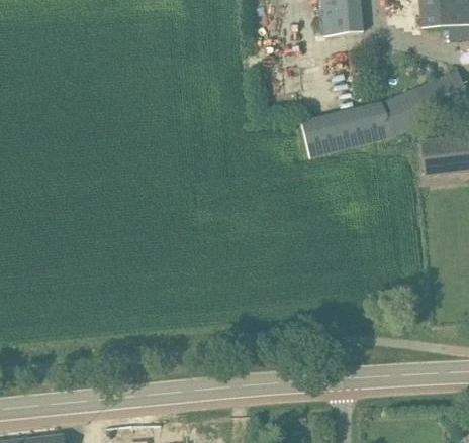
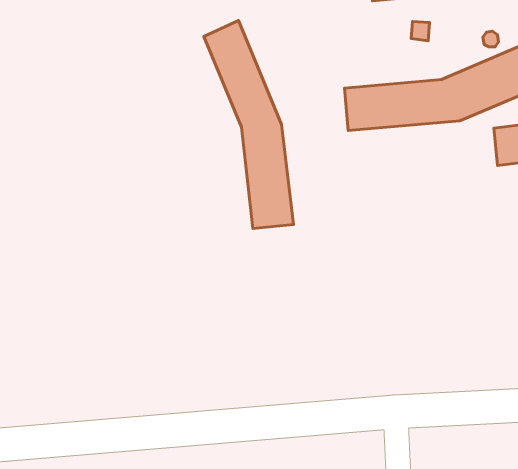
building: none -> [204,21,293,229]

